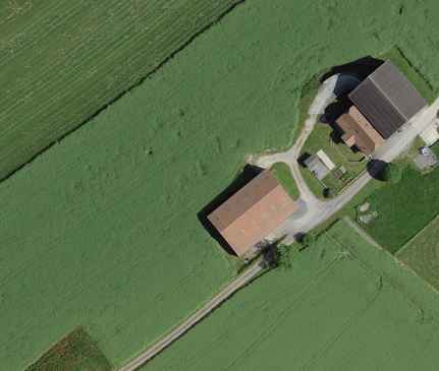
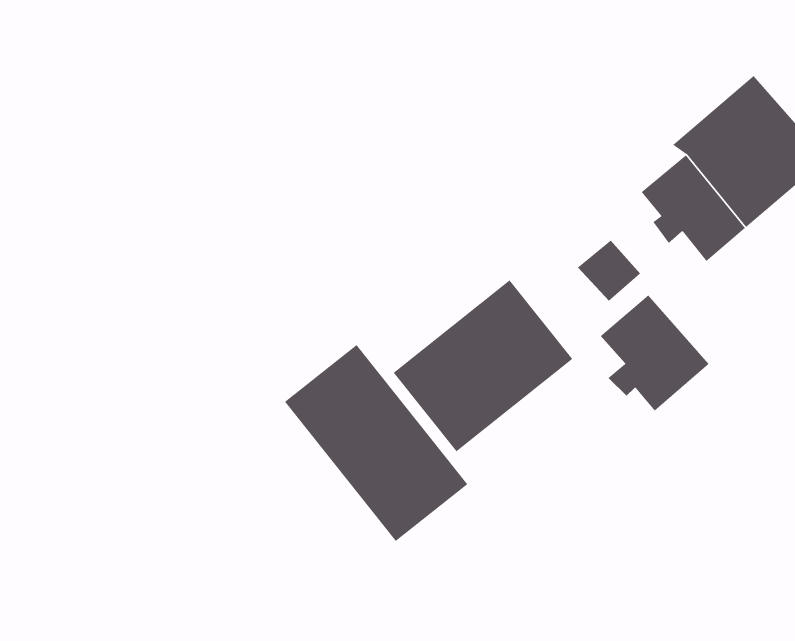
building: none -> [600,295,709,411]
building: none -> [284,344,468,542]

